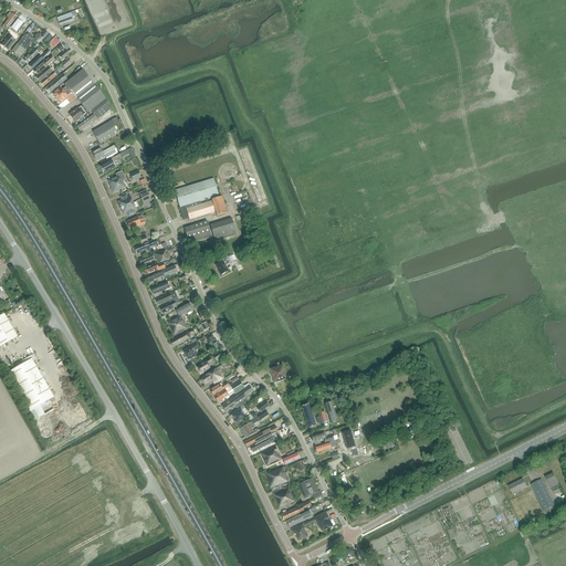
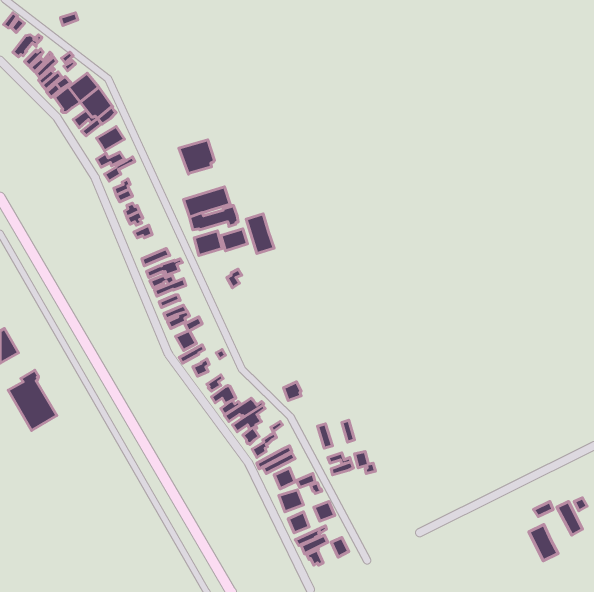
building: none -> [179,140,215,174]
building: none -> [246,214,274,253]
building: none -> [529,525,558,561]

